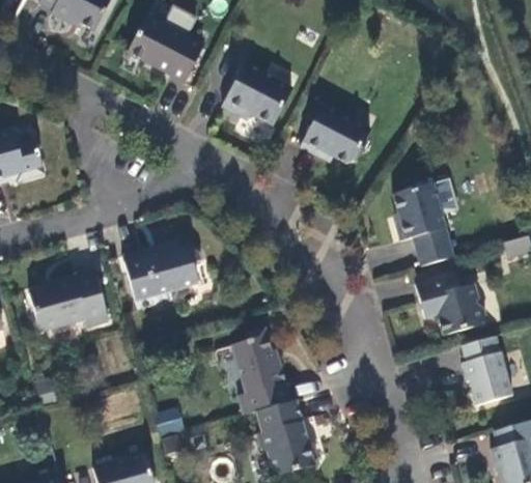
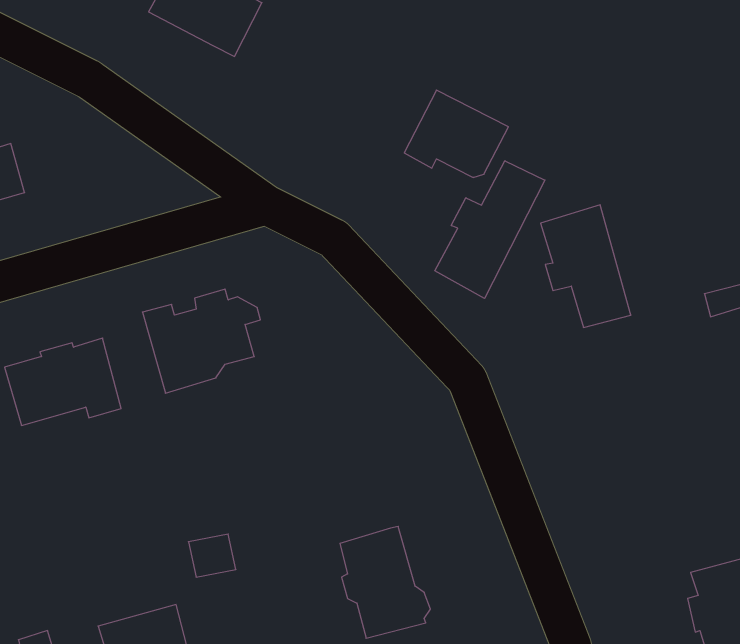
building: [213,58,283,120] -> none
building: none -> [435,161,545,298]
building: [416,272,486,334] -> none
building: [232,328,290,414] -> none
building: [462,336,512,405] -> none

